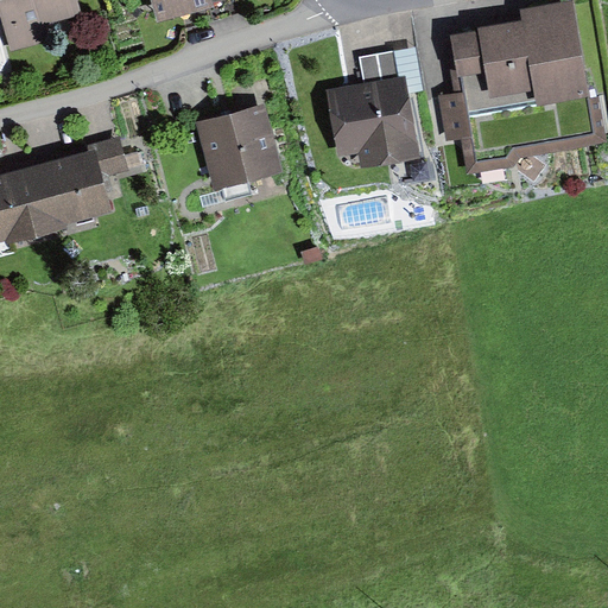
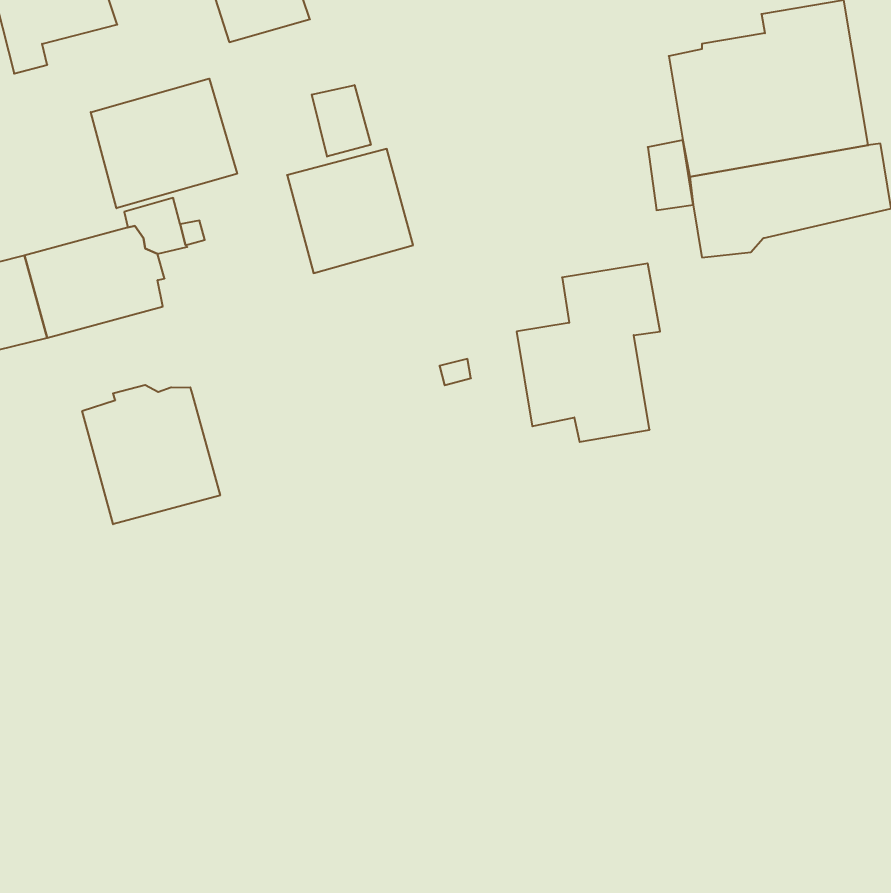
building: [327,46,424,167] -> [517,263,660,442]
building: none -> [91,79,237,208]
building: none -> [312,85,371,157]
building: none -> [82,385,220,524]

